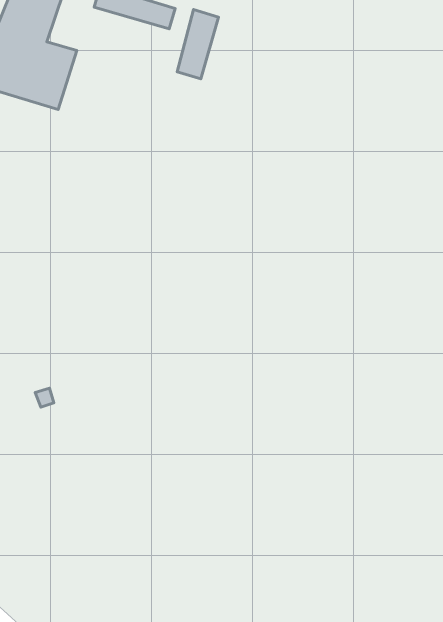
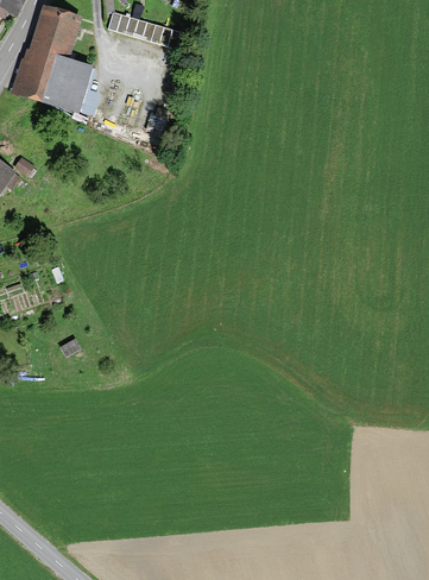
building: [177,9,218,79] -> none

